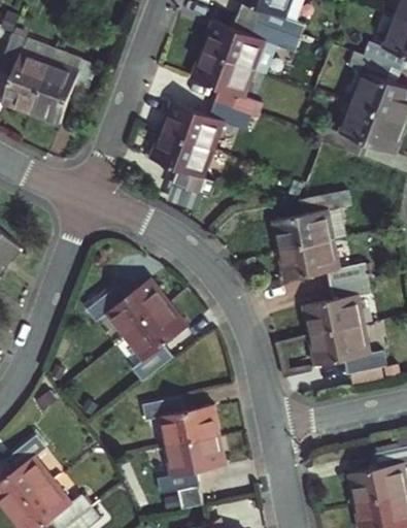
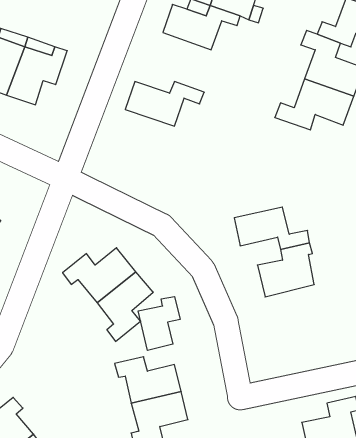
building: [186,51,248,114] -> none
building: [146,133,209,196] -> none
building: [266,189,340,249] -> none
building: [306,320,375,367] -> none
building: none -> [138,297,180,350]

